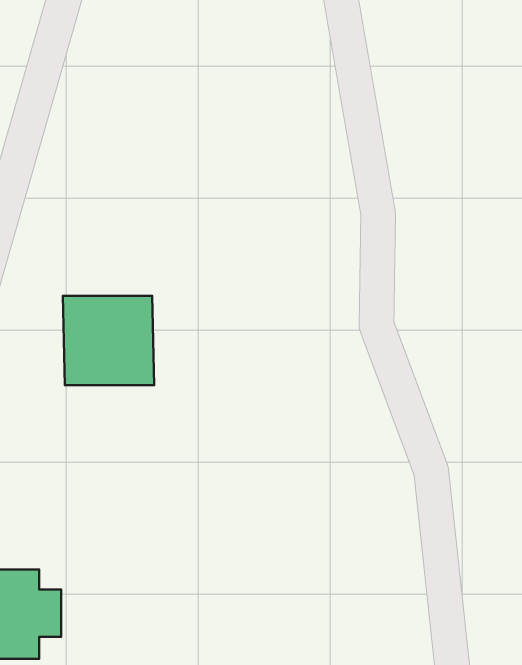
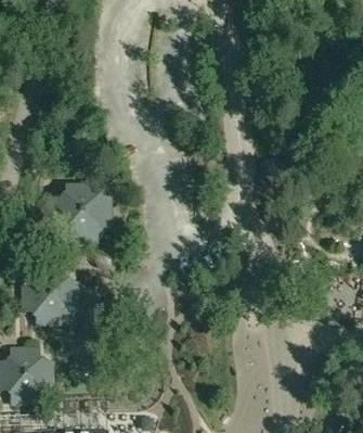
building: none -> [24,270,78,323]

